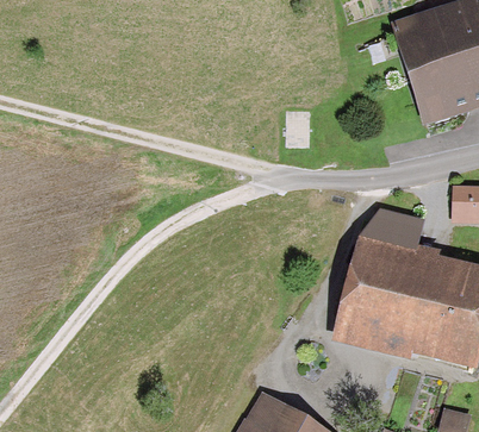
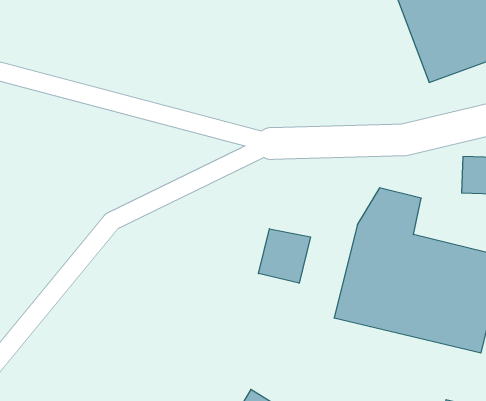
building: none -> [258,229,310,283]

